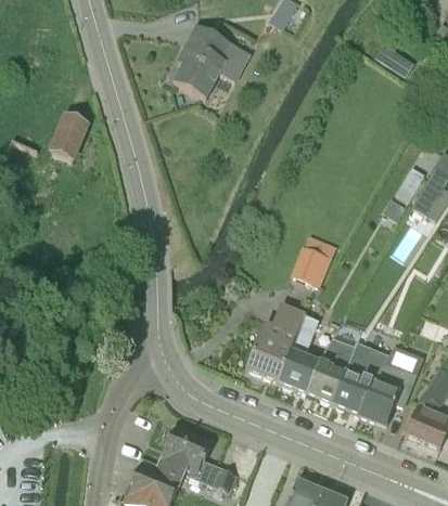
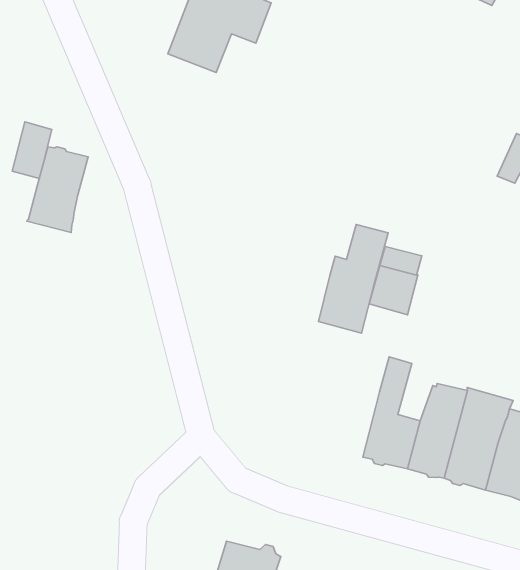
building: none -> [27,147,88,232]
building: [247,304,304,381] -> [318,224,388,333]

